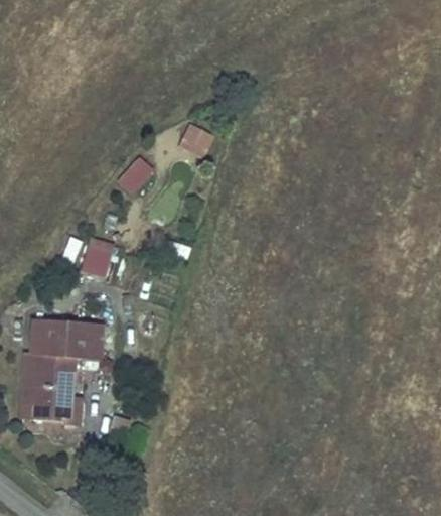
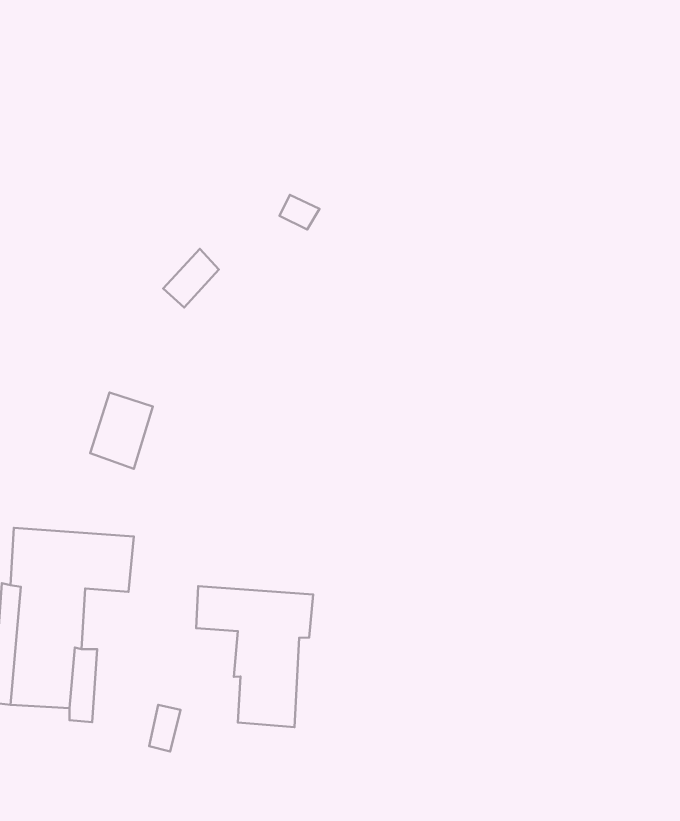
building: none -> [196,586,313,727]

